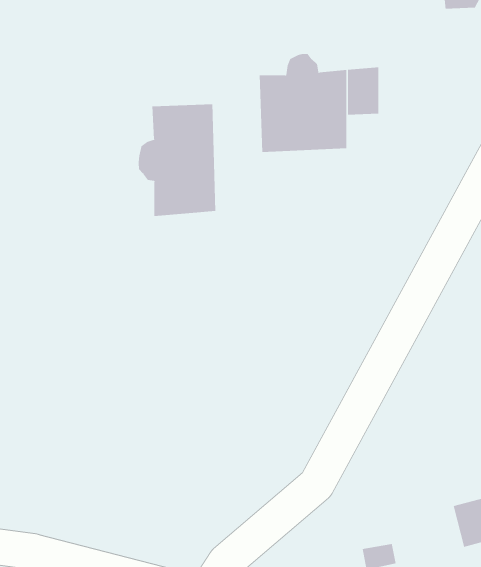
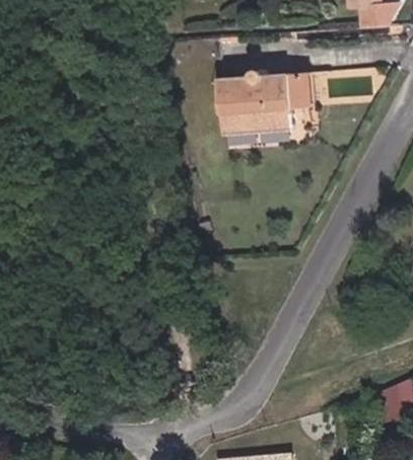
building: [138,104,216,217] -> none

